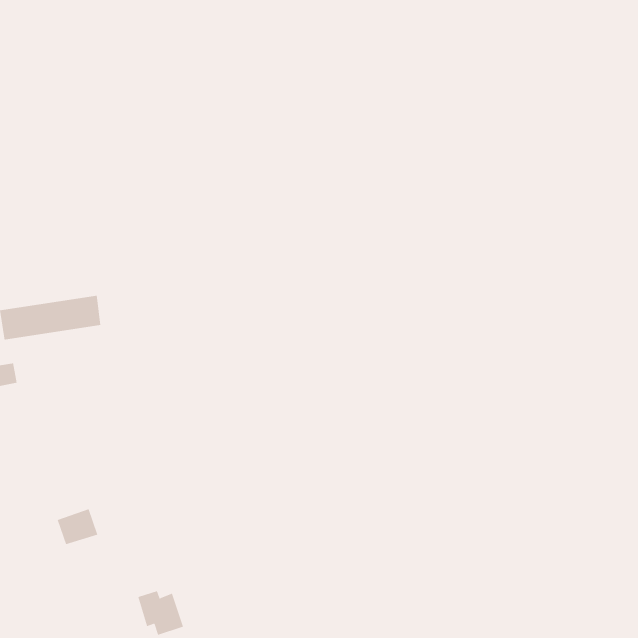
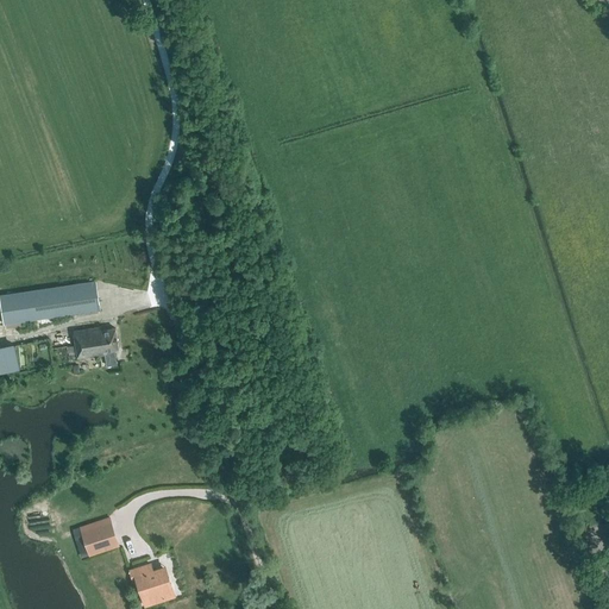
building: none -> [67,328,117,368]
building: [57,509,98,545] -> [80,522,119,557]

